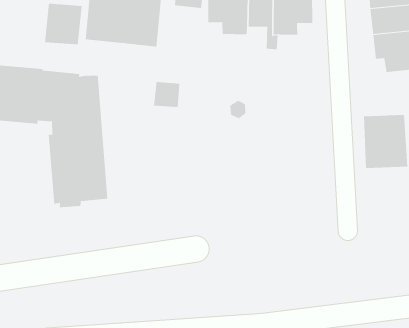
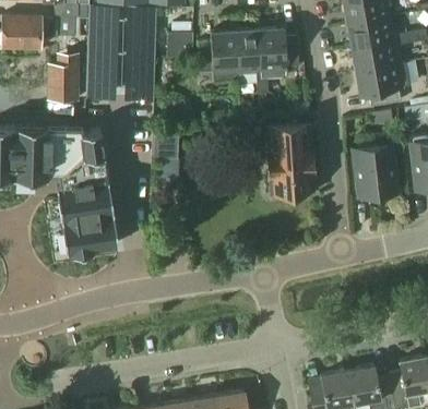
building: none -> [266,124,314,200]

